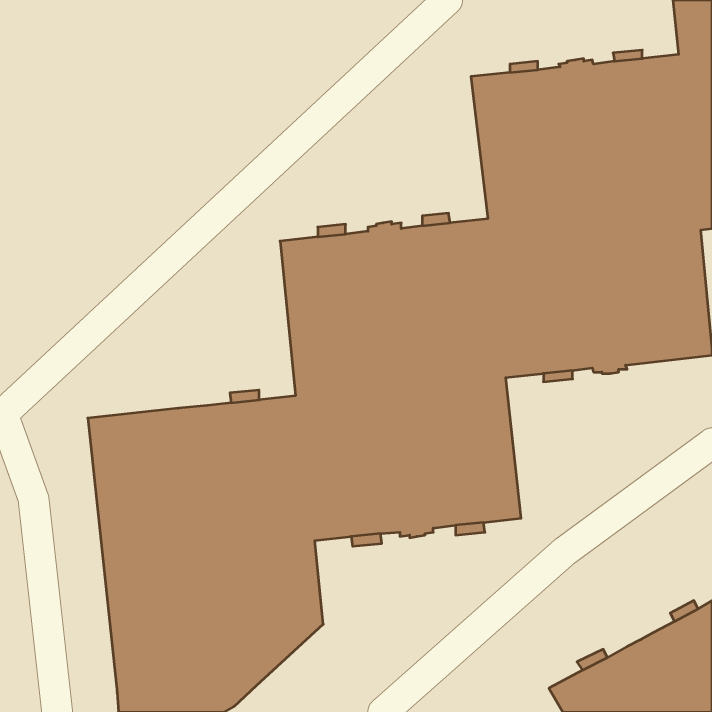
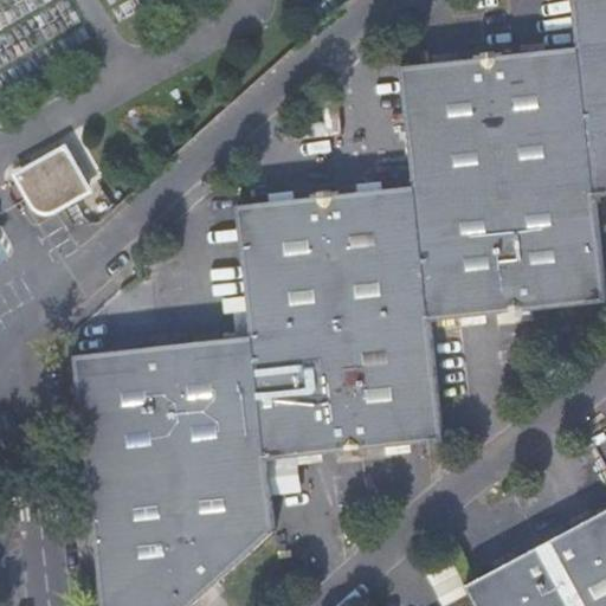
building: none -> [19,149,89,211]

